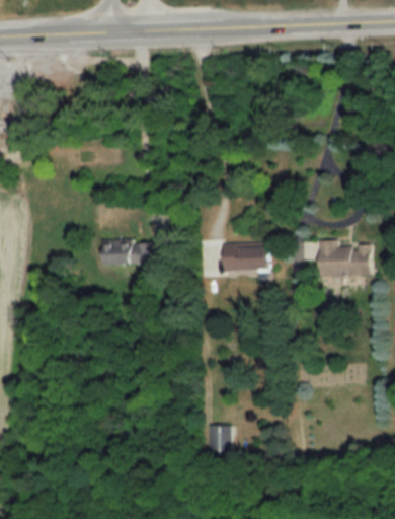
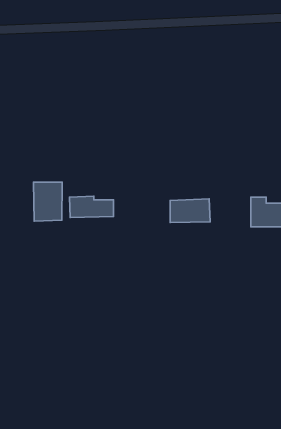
building: none -> [33,182,62,221]
building: [208,425,230,454] -> none

